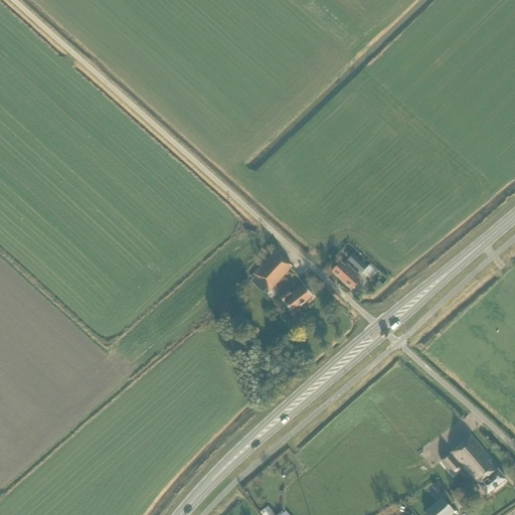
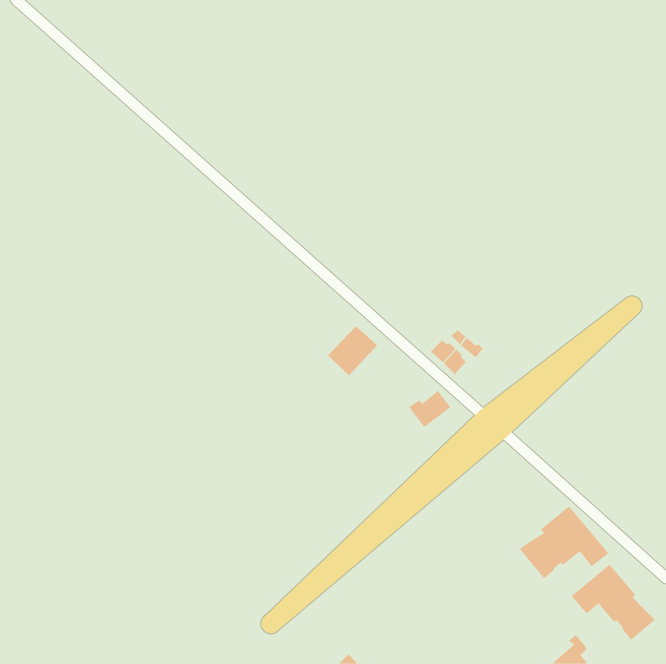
building: [280,284,313,313] -> [408,390,451,428]
building: none -> [519,505,609,579]

